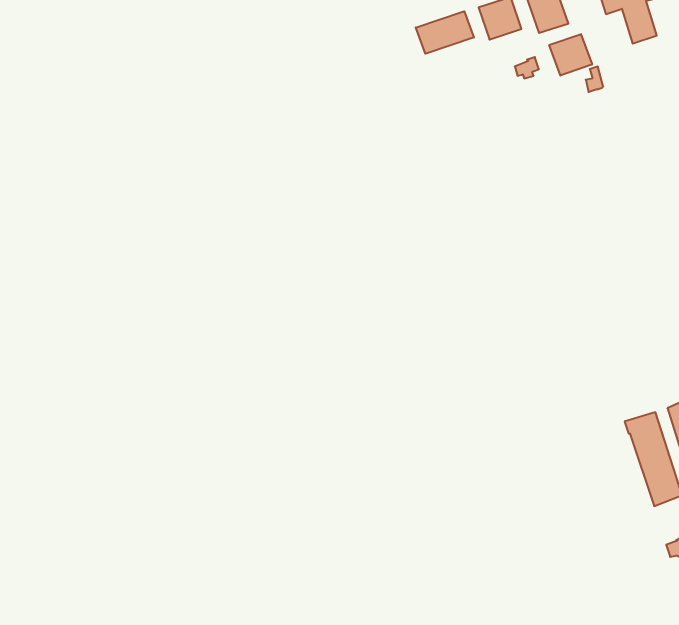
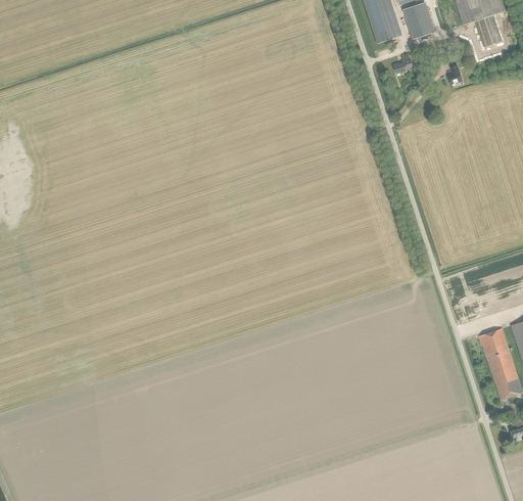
building: [416,11,474,54] -> none
building: [549,34,592,76] -> none

